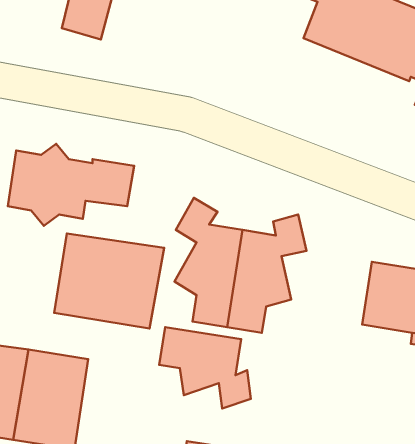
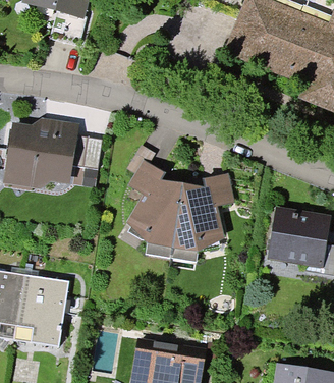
building: [54,234,164,328] -> none
building: [159,327,251,408] -> none

